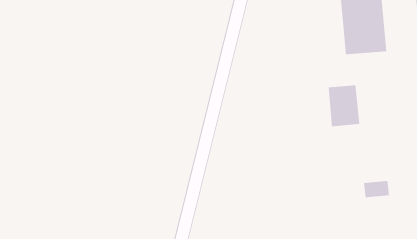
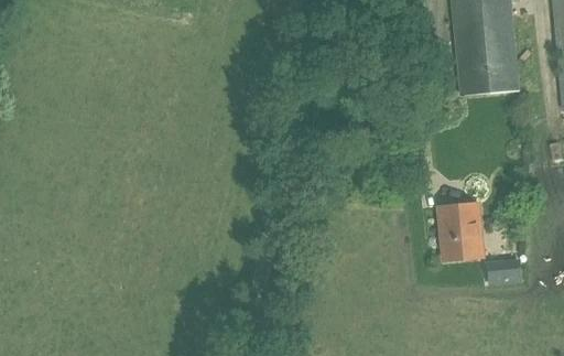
building: [328,85,360,127] -> [440,203,482,259]

